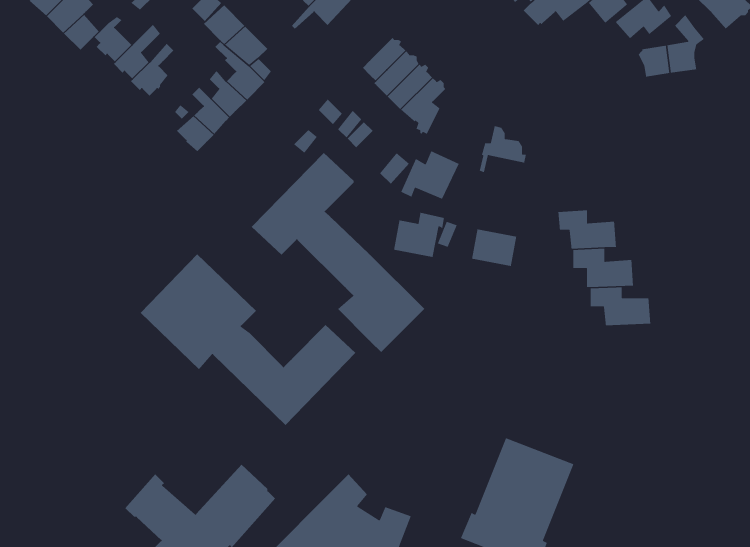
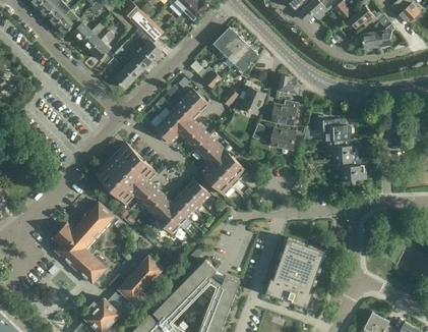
building: [393,212,445,258] -> [270,101,298,125]
building: none -> [52,202,114,278]

